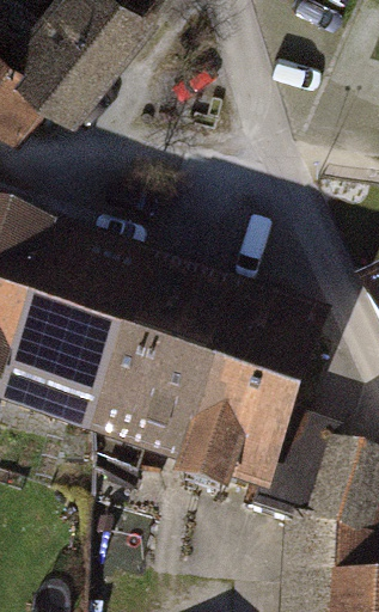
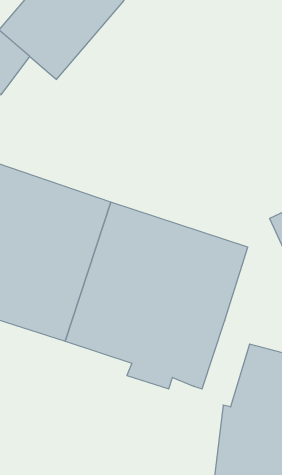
building: [257,412,347,521] -> none

